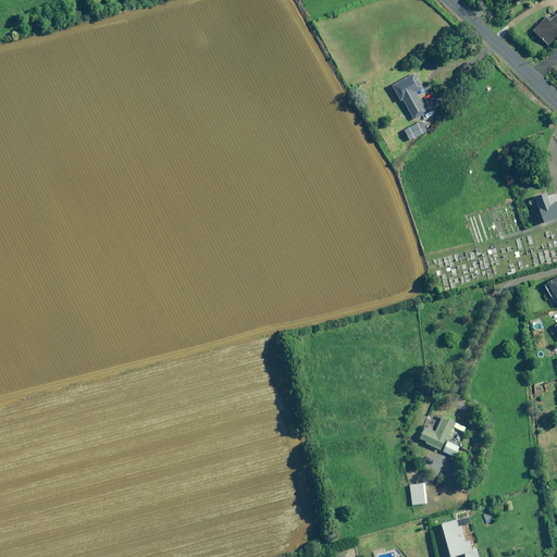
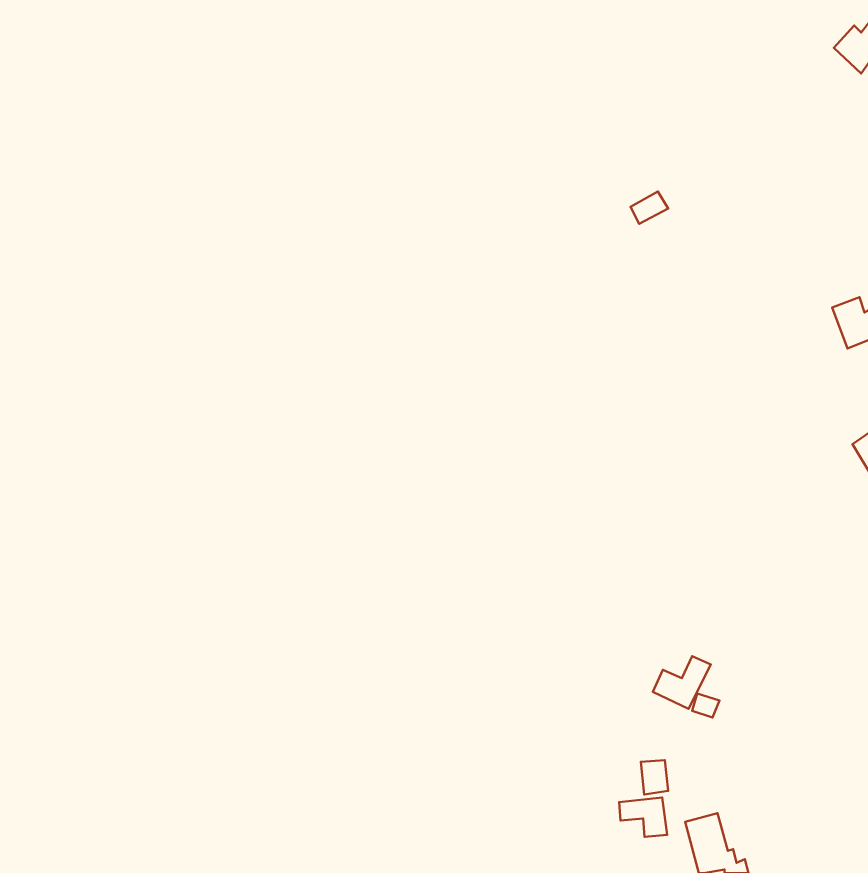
building: [392,72,428,119] -> none
building: none -> [619,797,667,837]

